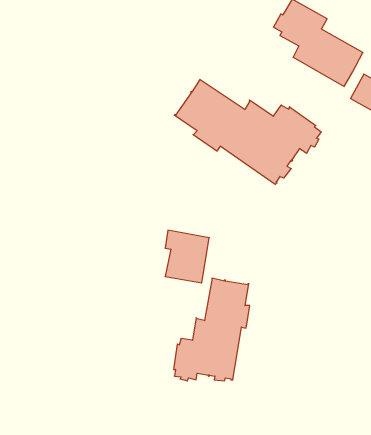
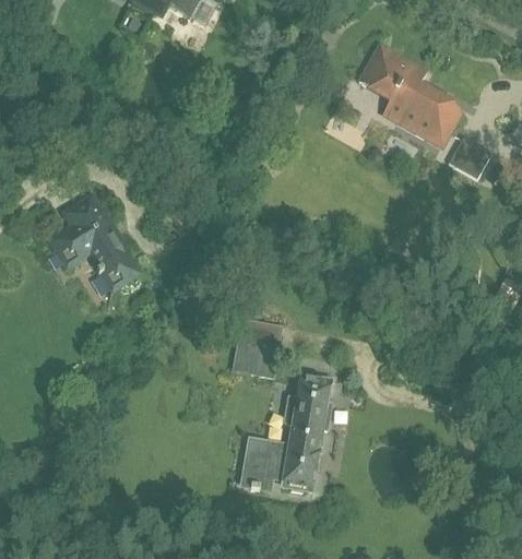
building: [174,79,321,184] -> none
building: none -> [49,194,141,288]

